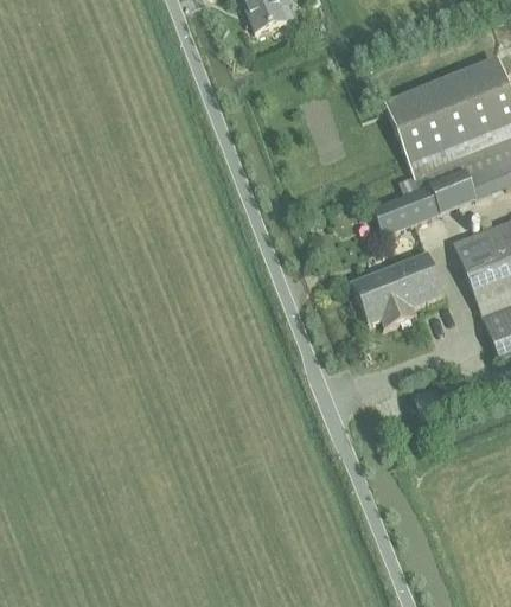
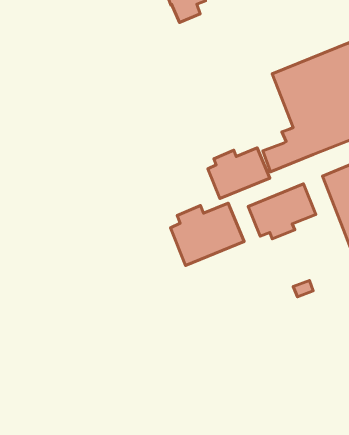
building: none -> [208,148,270,199]
building: none -> [170,203,244,265]

